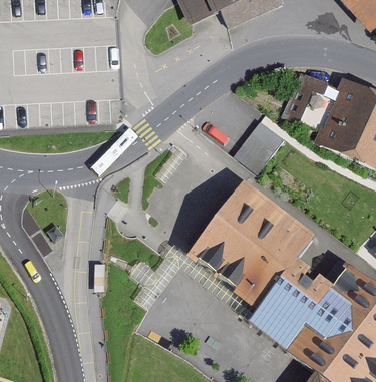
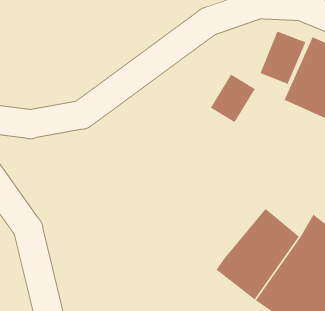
building: [182,178,311,308] -> none

